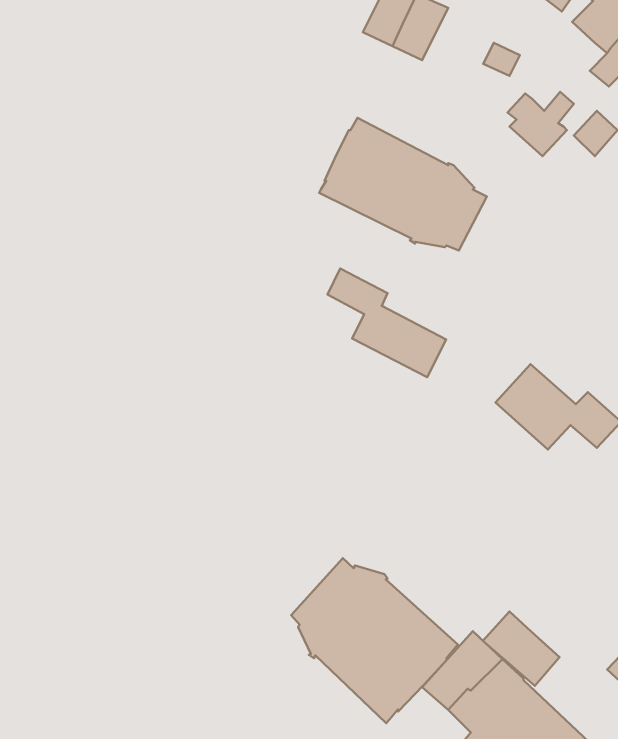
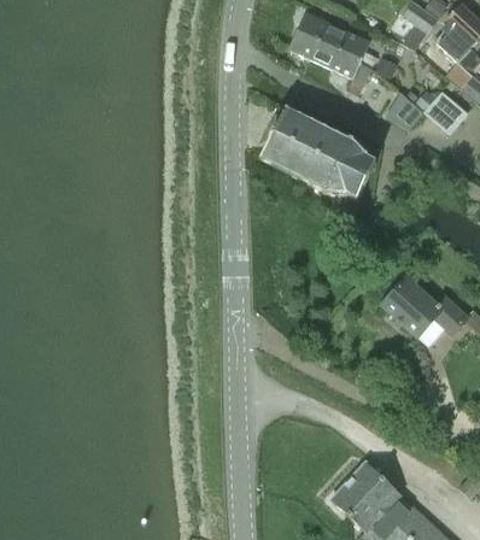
building: none -> [330,30,371,88]
building: [328,269,446,377] -> none
building: [291,558,458,723] -> none
building: [483,612,560,686] -> none

